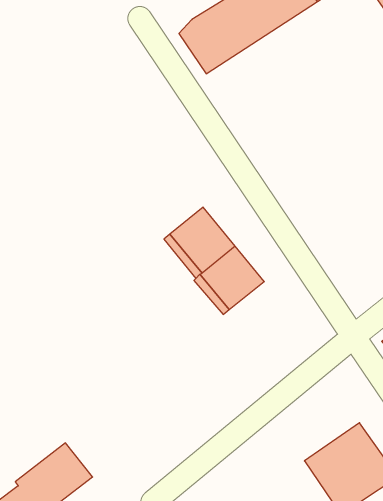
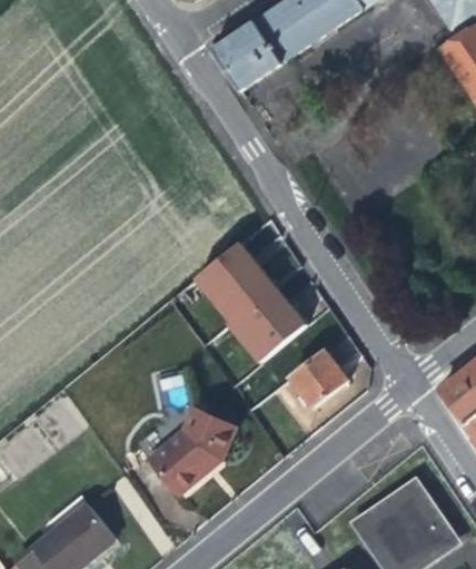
building: none -> [291,350,350,408]
building: none -> [149,408,235,492]

